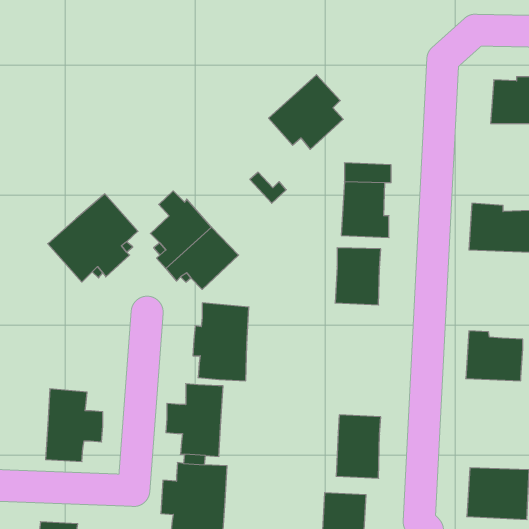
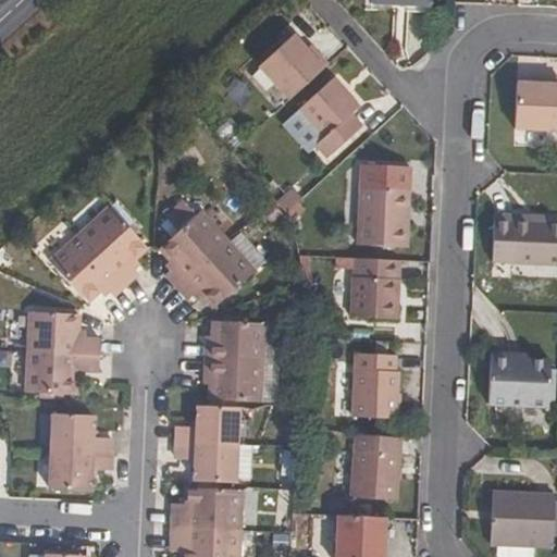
building: none -> [258,35,327,101]
building: none -> [27,309,98,389]
building: none -> [356,359,400,422]

